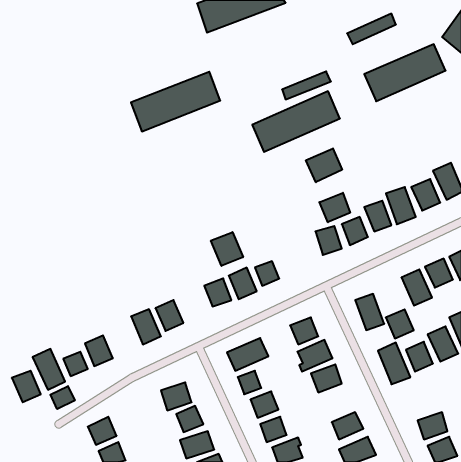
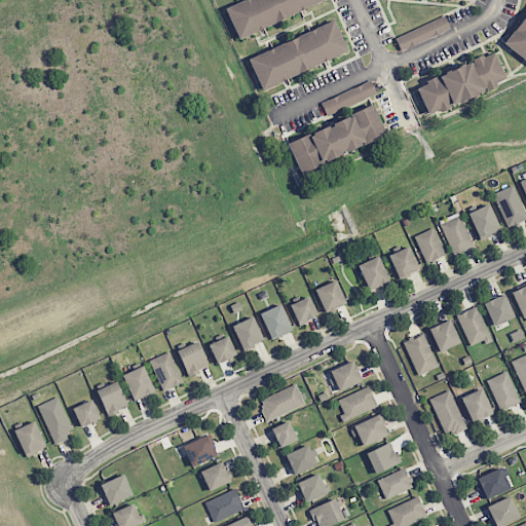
building: [131,72,220,131] -> [248,21,349,88]
building: [306,148,342,182] -> none
building: [319,193,350,222] -> none
building: [211,232,243,266] -> none
building: none -> [316,280,346,311]
building: none -> [210,337,236,363]
building: [386,309,414,338] -> [429,320,461,352]
building: none -> [123,366,155,400]
building: [50,386,75,409] -> none
building: none -> [367,442,402,474]

